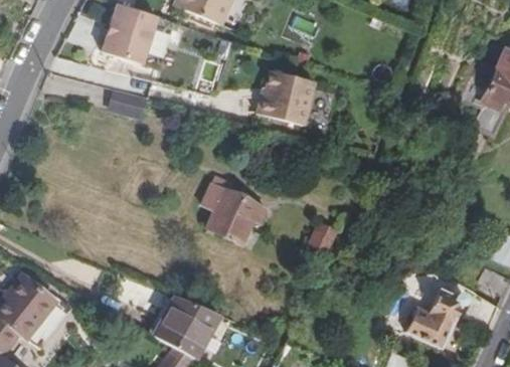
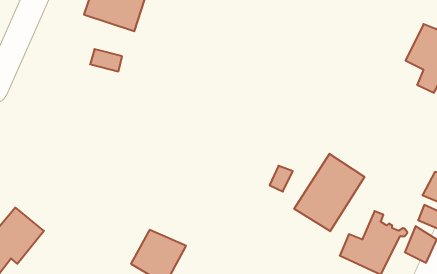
building: [258,68,317,124] -> none
building: [199,189,252,246] -> none
building: none -> [294,154,364,231]

